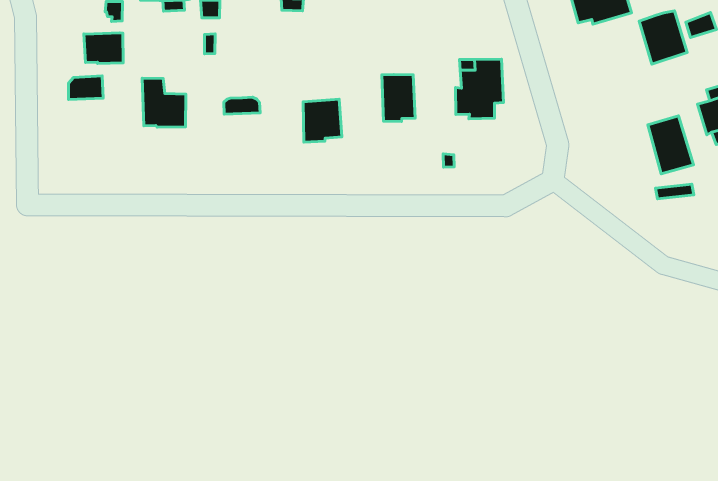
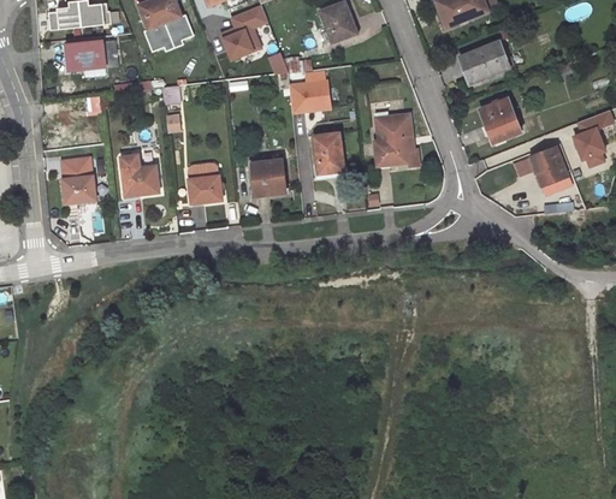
building: none -> [291,79,330,112]
building: [639,11,687,64] -> [479,97,520,142]
building: [84,33,123,64] -> [61,174,95,201]
building: none -> [188,174,221,202]

